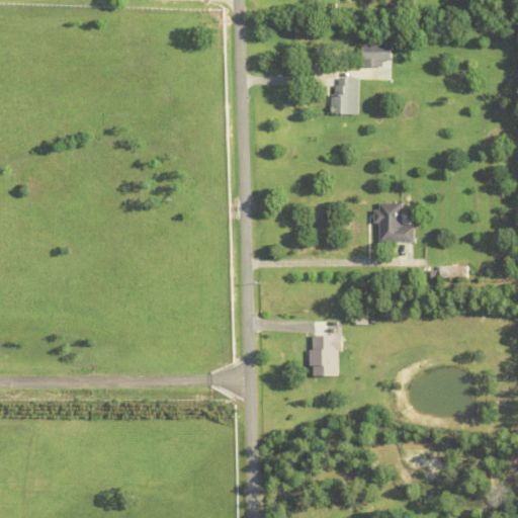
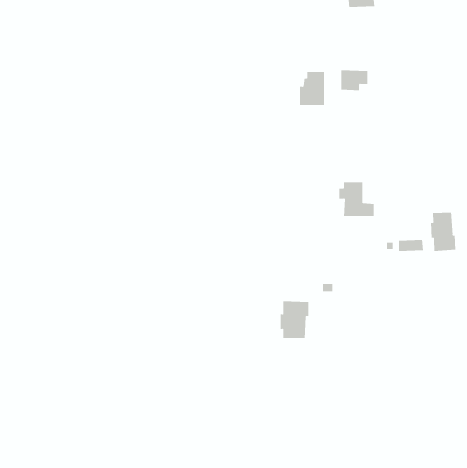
building: [360,46,391,69] -> [341,70,368,91]
building: none -> [431,212,456,252]

